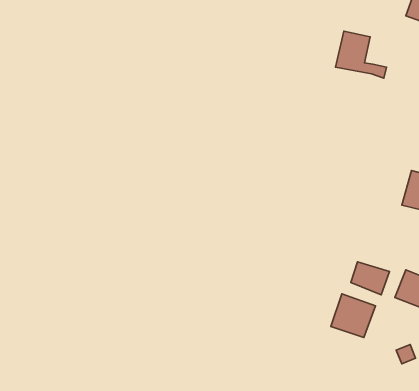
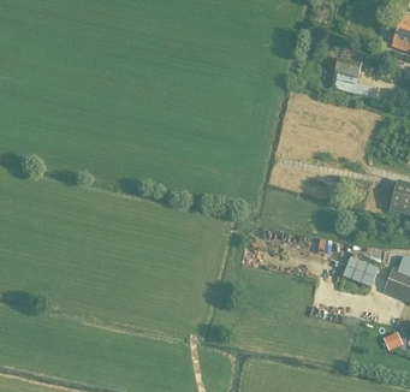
building: [331,294,376,337] -> none

